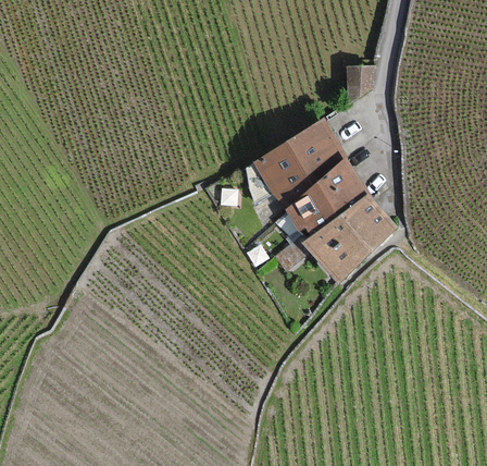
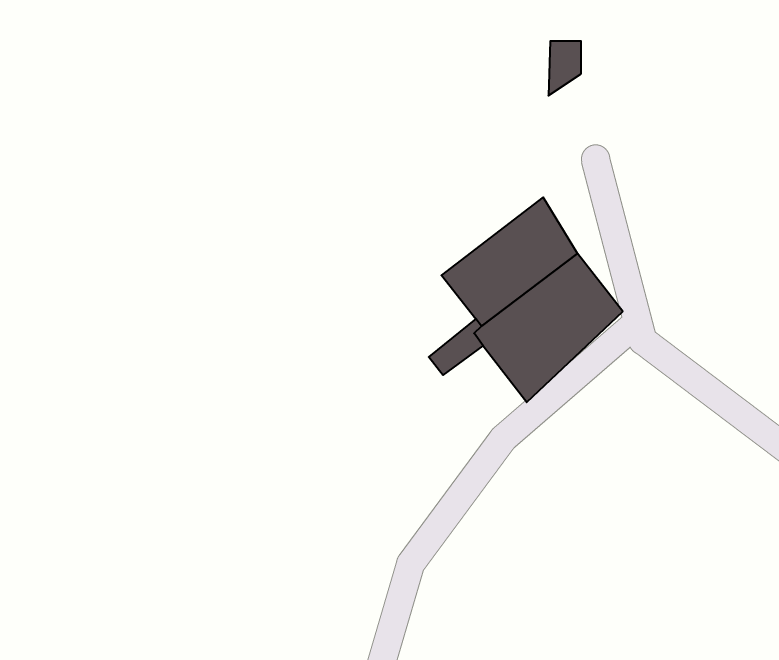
building: [254,122,345,207] -> none

